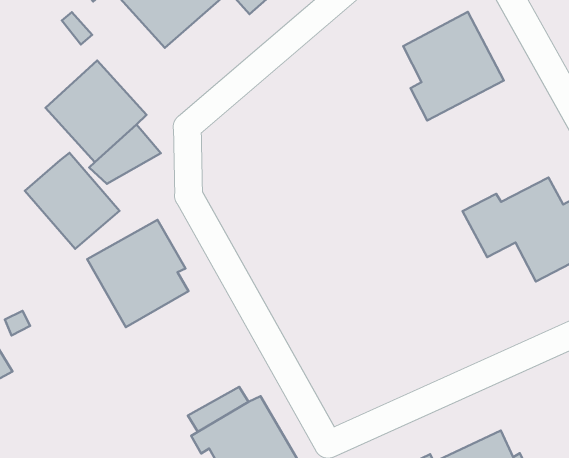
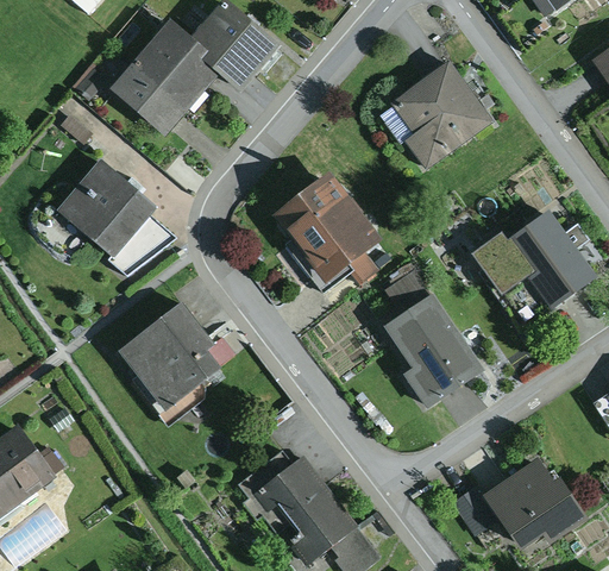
building: none -> [272,171,381,294]
building: [25,153,120,249] -> none
building: none -> [383,270,484,409]

